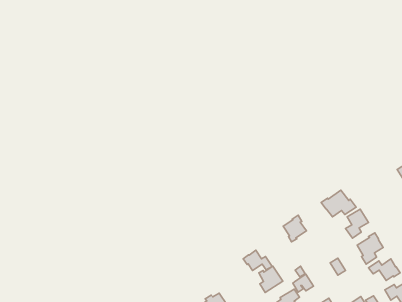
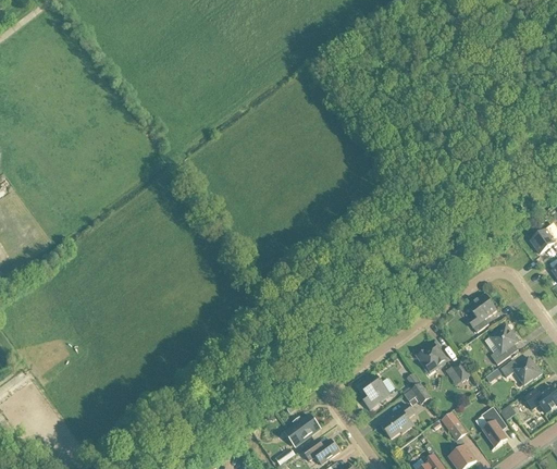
building: [321,190,356,217] -> none
building: [283,215,306,242] -> [417,340,447,374]
building: [243,250,272,271] -> none

